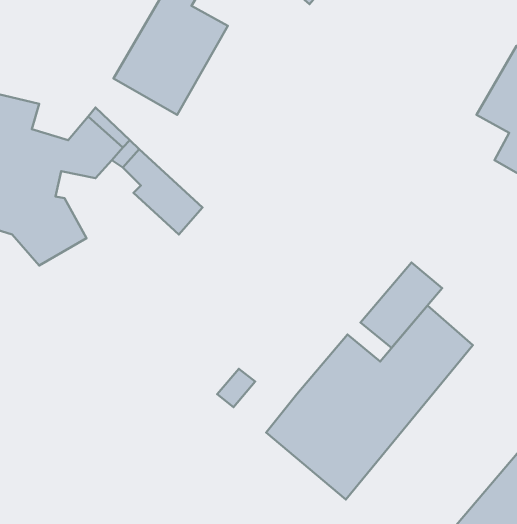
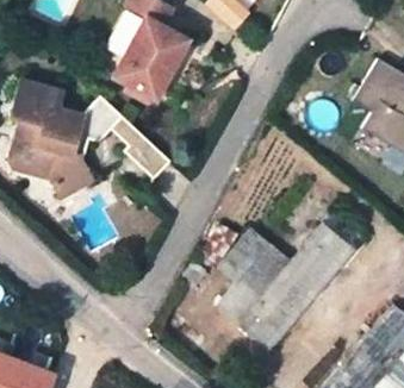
building: [361,263,442,348] -> [213,226,267,282]

